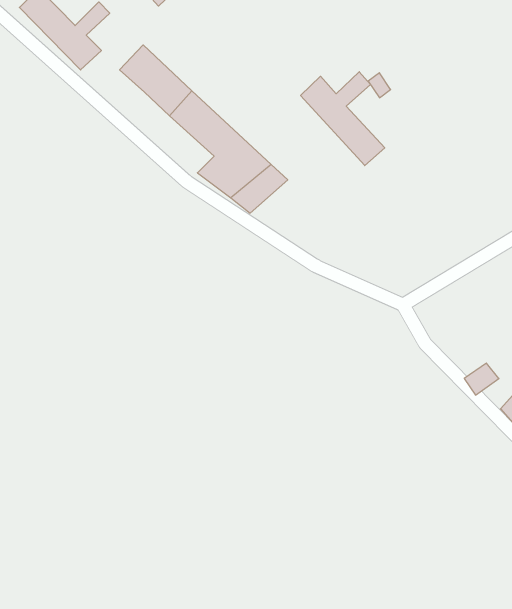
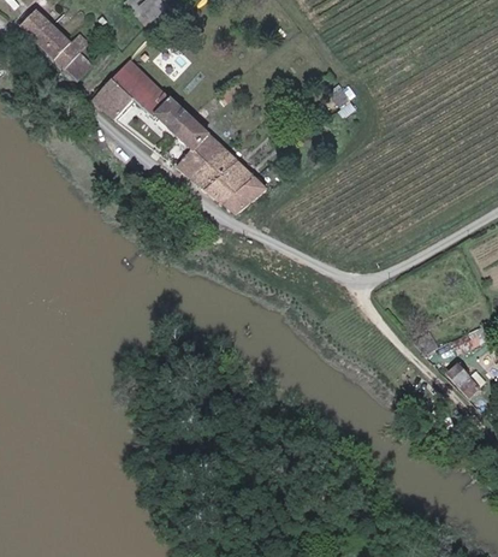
building: none -> [95,82,132,118]
building: [301,72,385,166] -> none
building: none -> [224,177,268,215]

